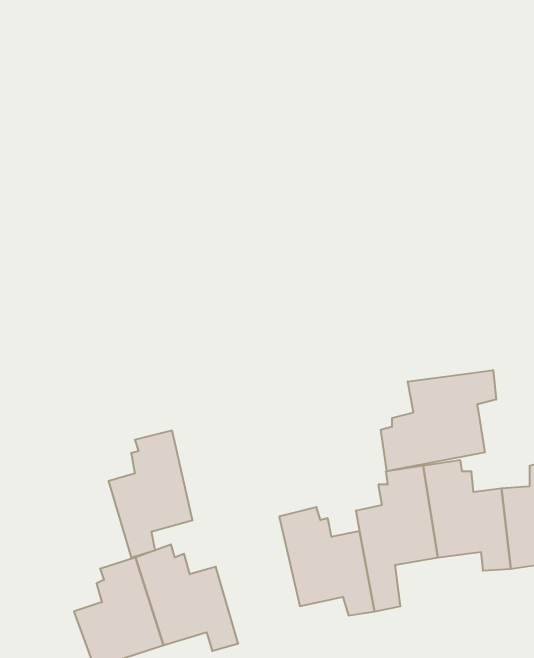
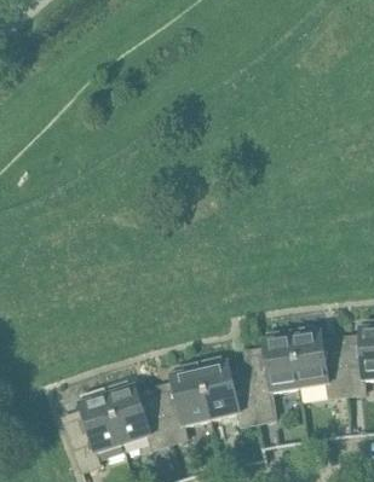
building: [381,370,496,471] -> none
building: [109,431,193,558] -> [156,364,211,446]

